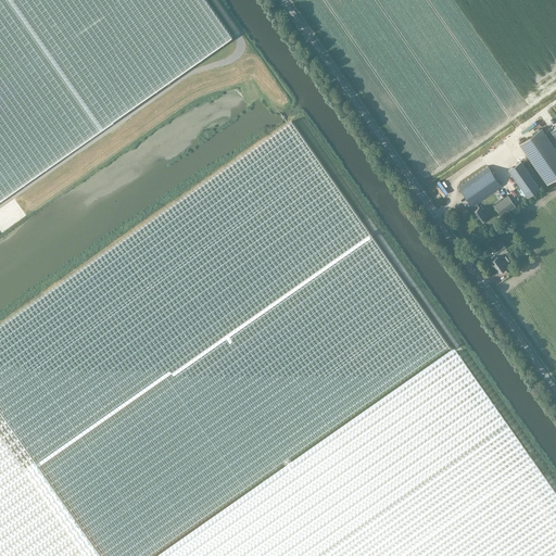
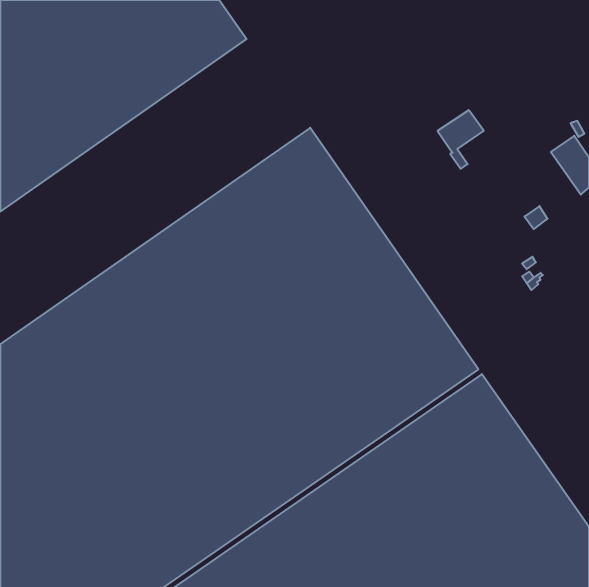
building: [508,162,541,199] -> none
building: [459,167,503,223] -> [438,110,484,169]

